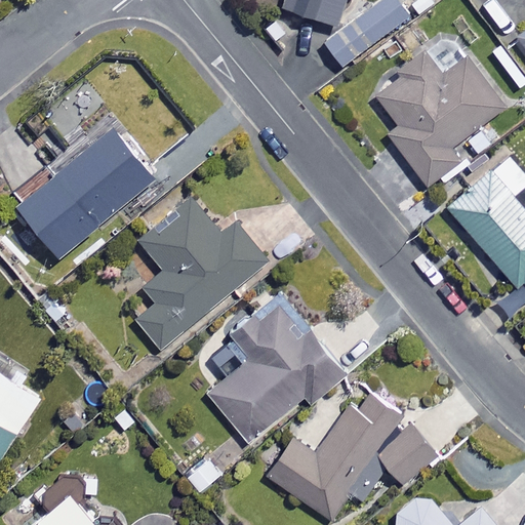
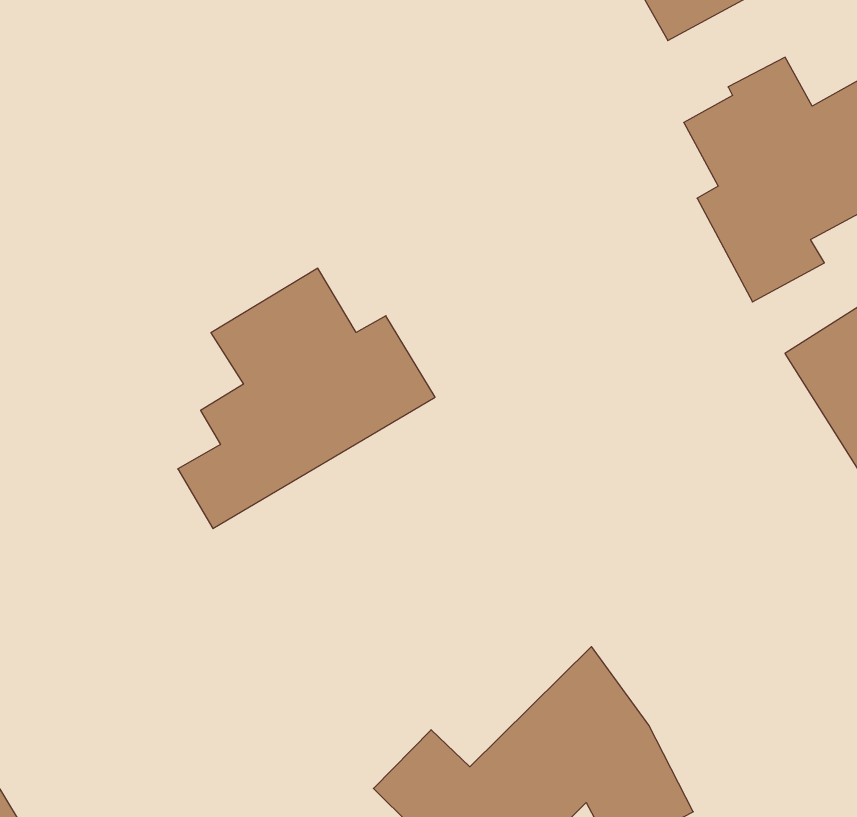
building: [27,133,158,256] -> none
building: [207,297,345,443] -> none

